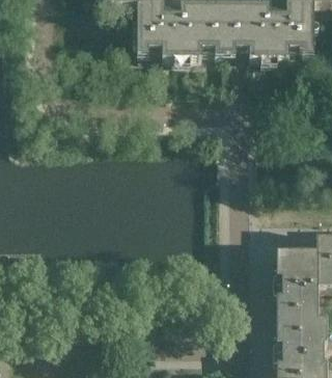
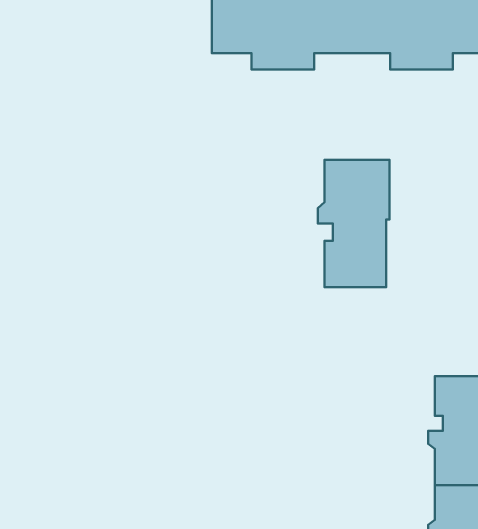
building: none -> [318,160,390,287]

